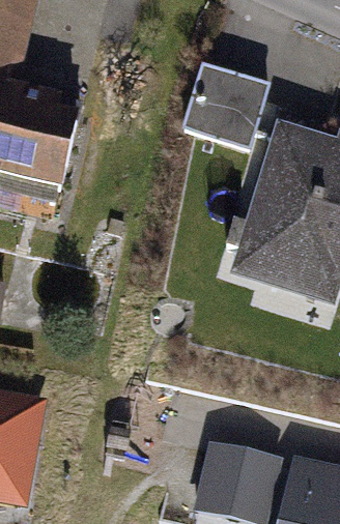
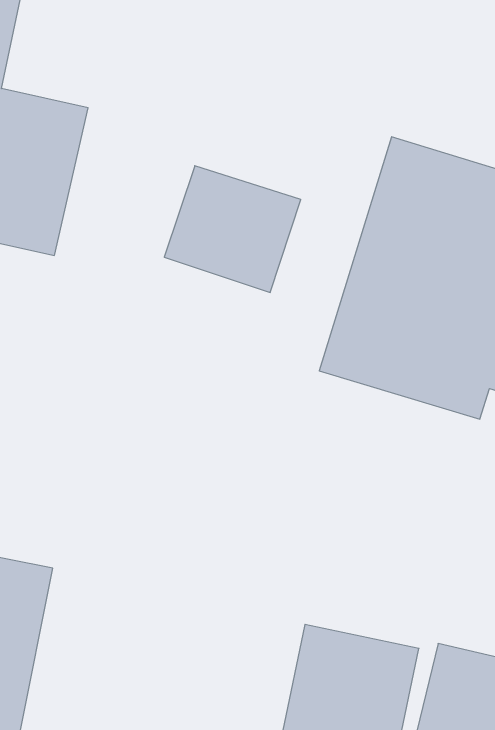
building: [180,69,268,151] -> [164,166,301,292]

